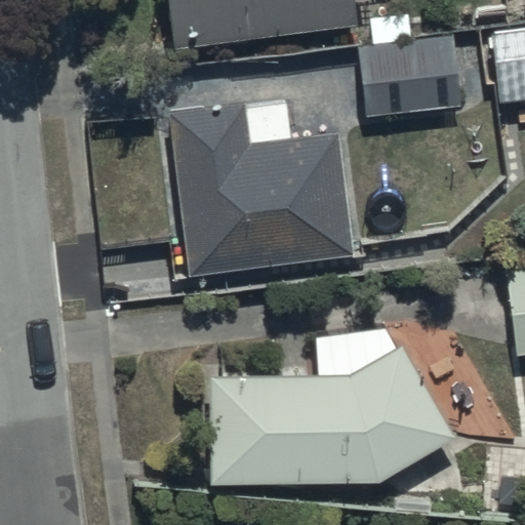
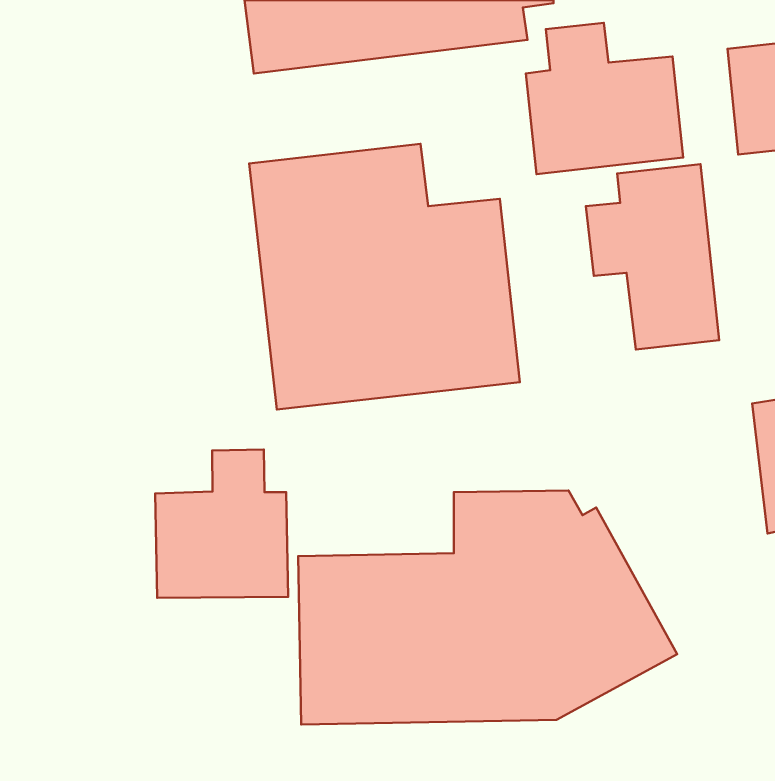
building: none -> [586,164,719,349]
building: none -> [155,449,288,598]

